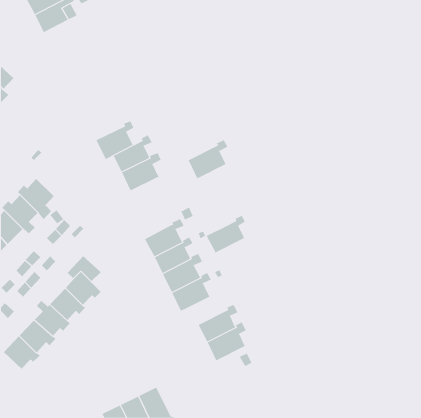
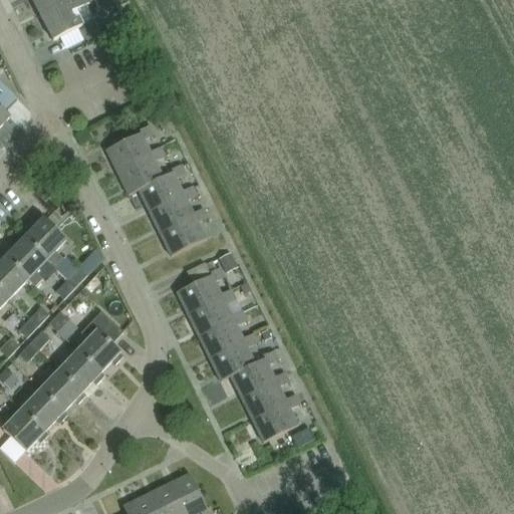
building: none -> [105,124,154,171]
building: [188,140,228,179] -> [159,208,208,256]
building: [206,215,246,253] -> [230,349,278,396]

